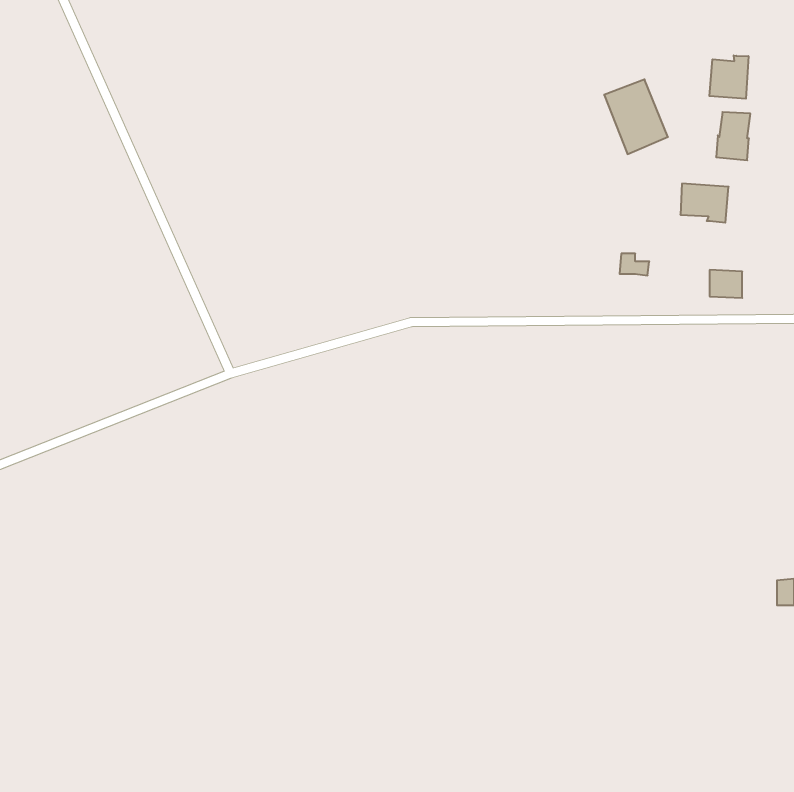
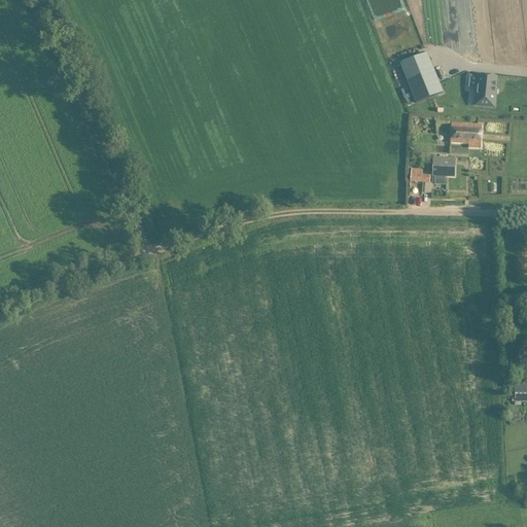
building: [709,55,748,99] -> none
building: [710,270,742,298] -> [432,156,454,175]

